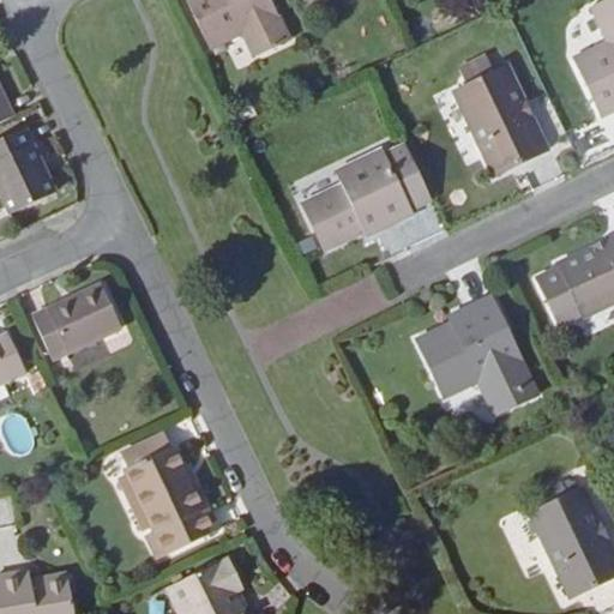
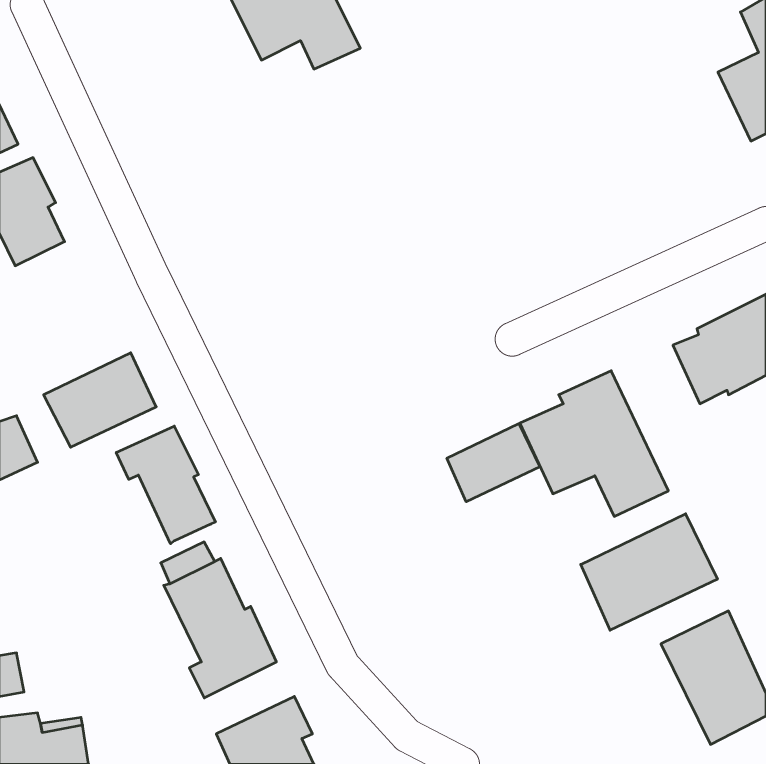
building: [452,66,544,174] -> none
building: [301,143,429,249] -> none
building: none -> [447,424,540,502]
building: none -> [116,426,215,544]
building: none -> [581,514,717,630]

